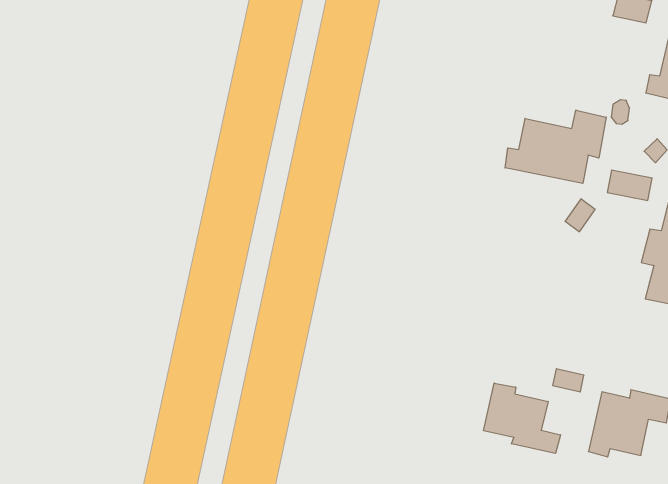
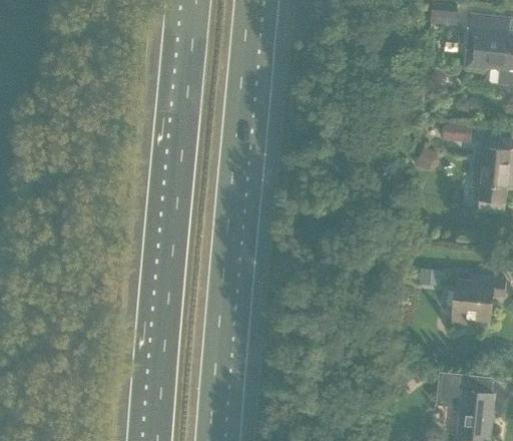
building: [505,110,606,183] -> none
building: [484,383,561,453] -> none

